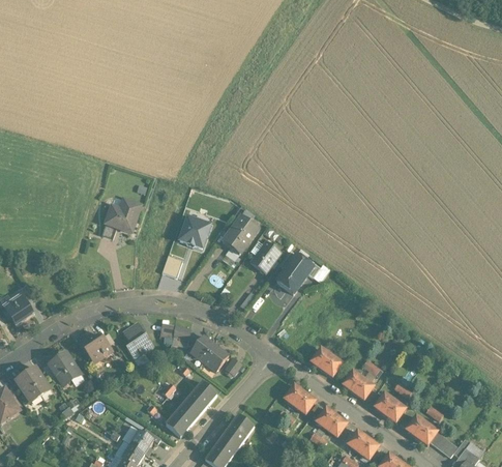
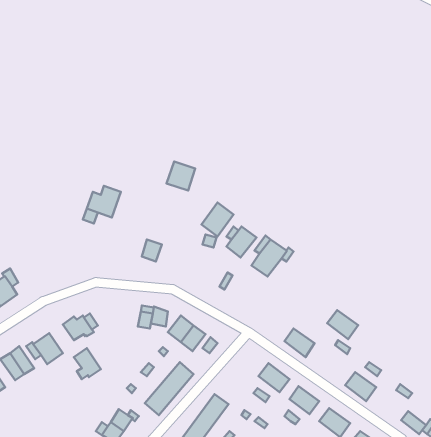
building: [179,217,209,247] -> [166,162,195,191]
building: [124,322,152,354] -> [74,348,101,379]
building: [342,370,374,400] -> [327,310,358,339]
building: [406,415,437,445] -> none

